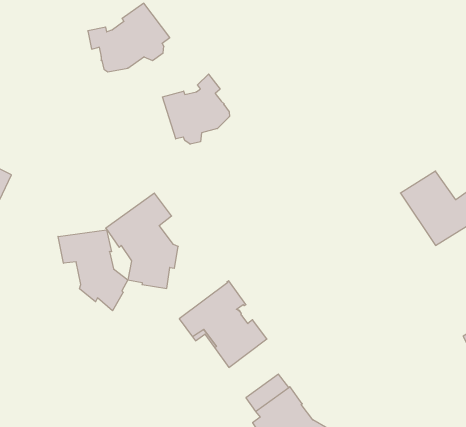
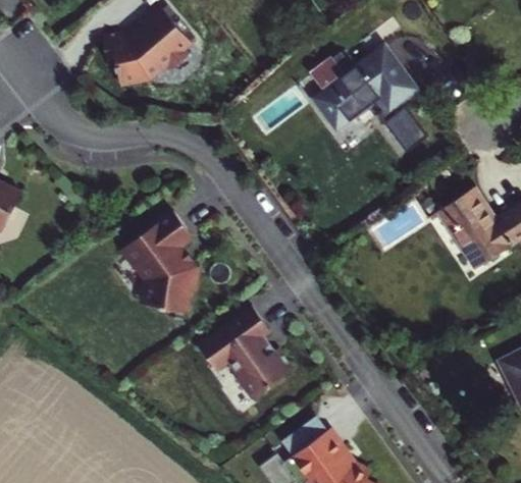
building: none -> [313,45,428,157]
building: [162,74,229,144] -> none
building: [58,230,128,311] -> none

